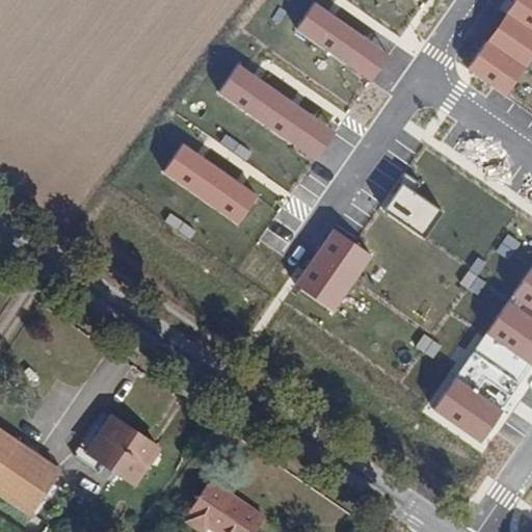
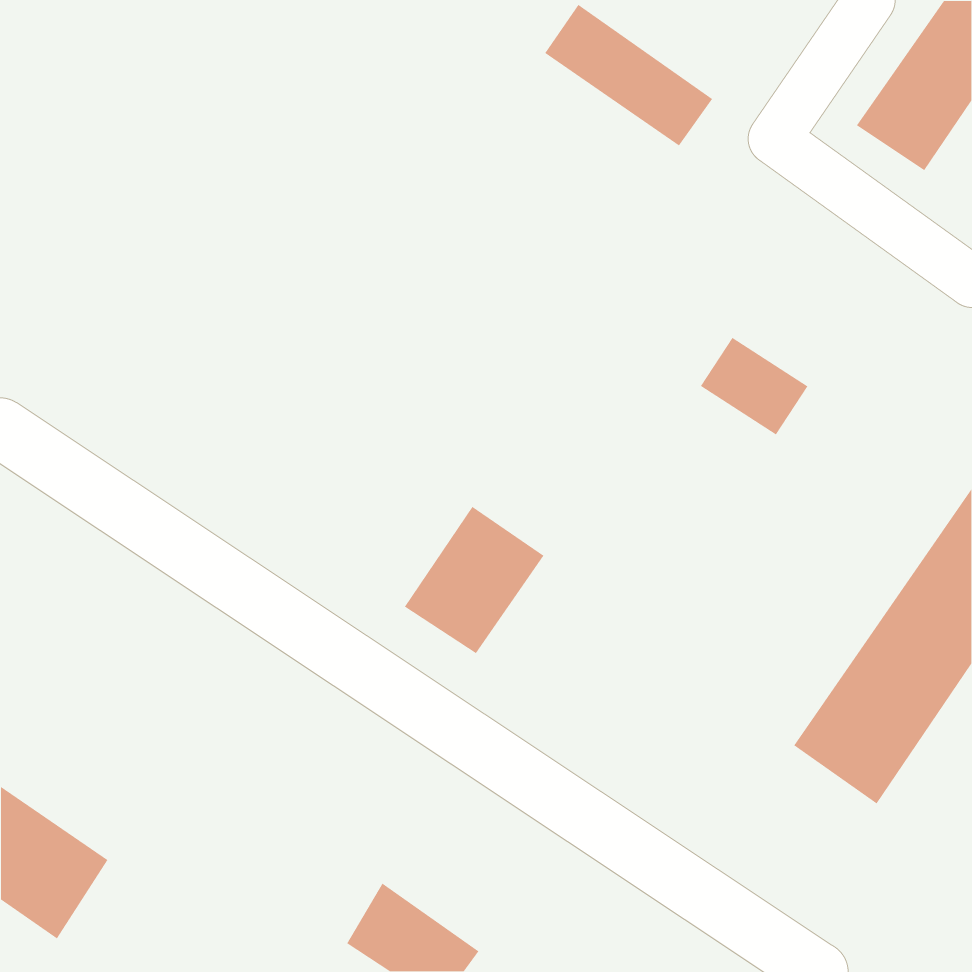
building: [218,62,338,160] -> none
building: [163,143,258,223] -> none
building: [296,229,373,310] -> [404,506,544,654]
building: [87,416,159,484] -> none

